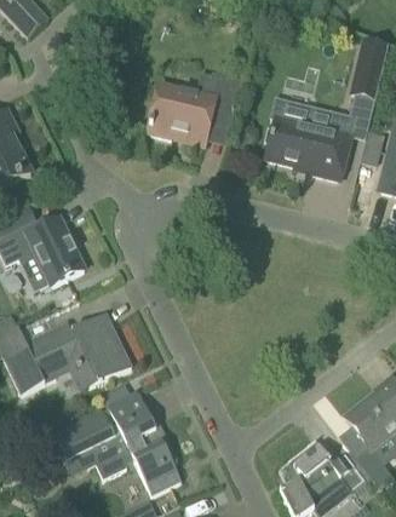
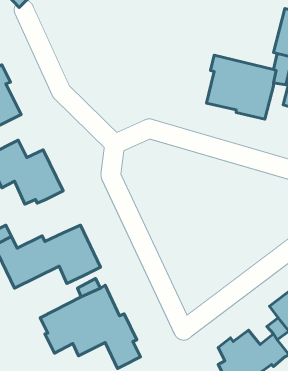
building: [147,71,245,145] -> none

